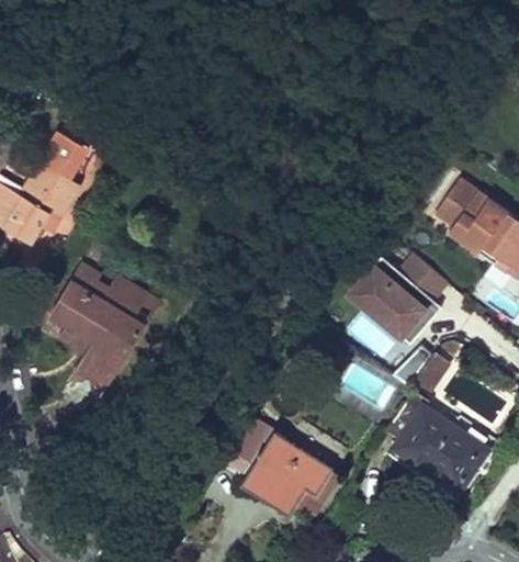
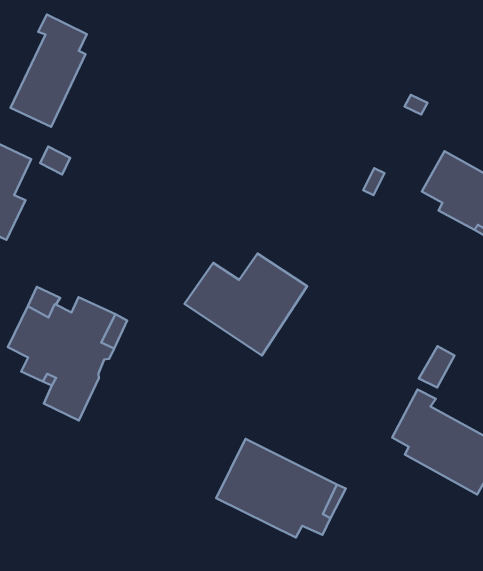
building: none -> [10,15,87,127]
building: [342,254,454,346] -> [184,254,307,356]

